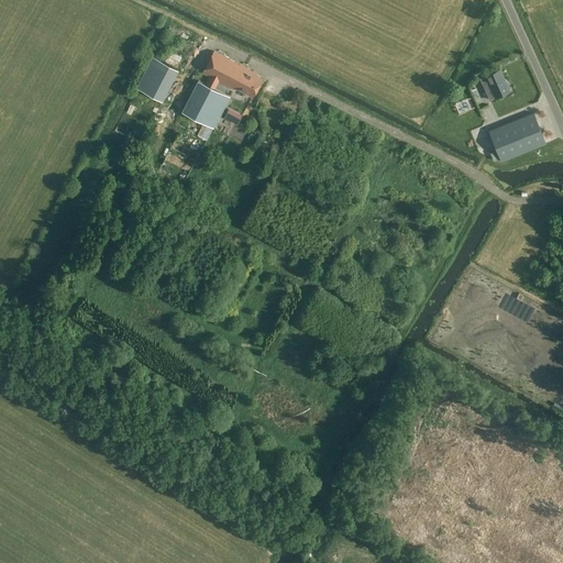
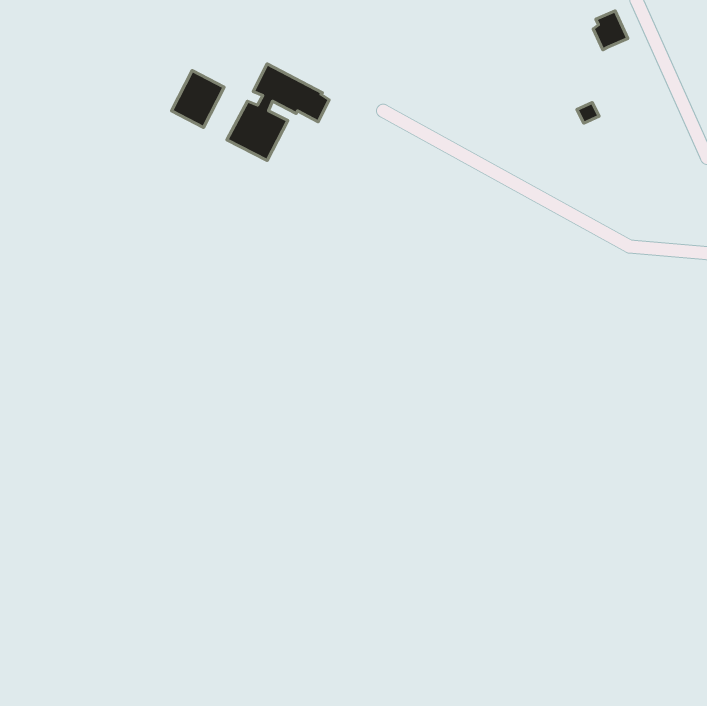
building: [483,70,510,101] -> [593,11,628,50]
building: [489,113,547,163] -> none

